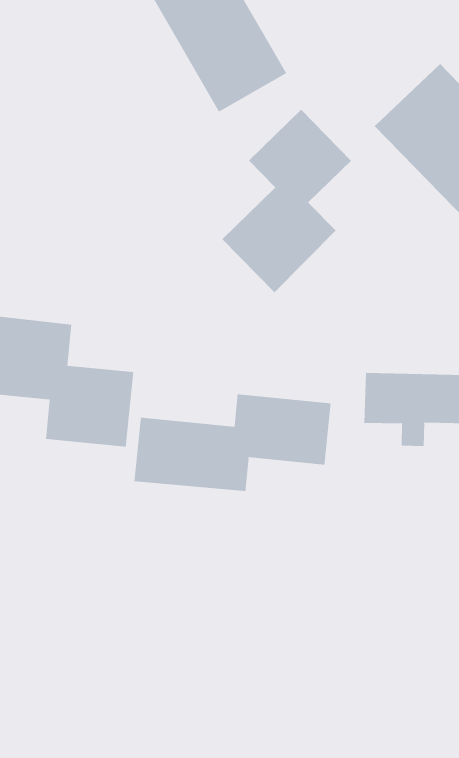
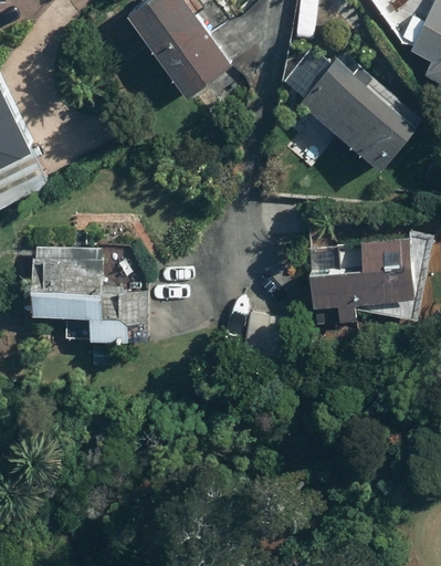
building: [222,109,352,293] -> none
building: [134,394,331,492] -> none

